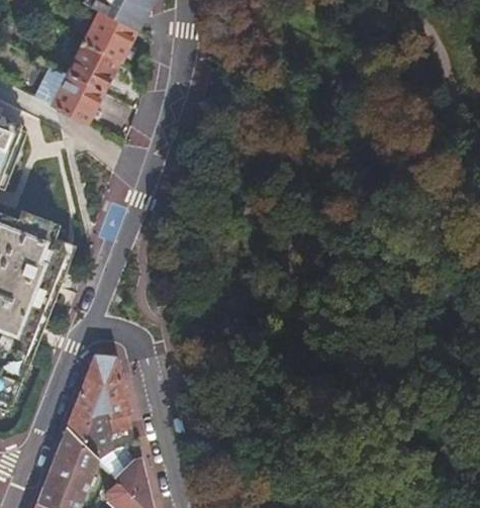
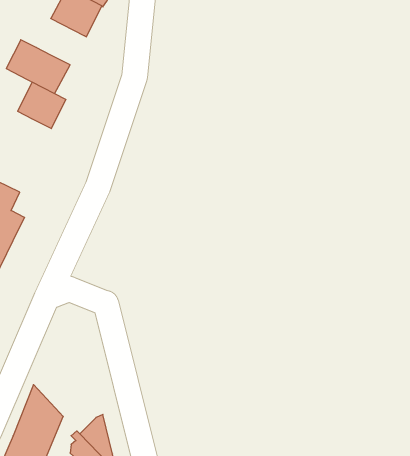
building: [69,44,119,93] -> [18,82,66,129]
building: [66,358,130,456] -> none

